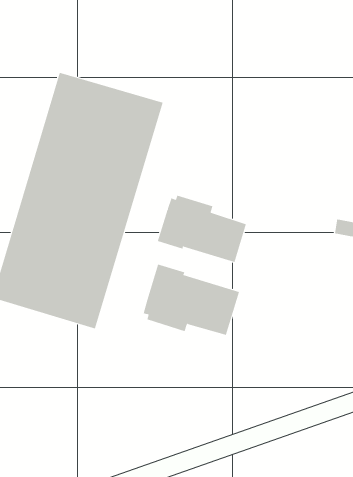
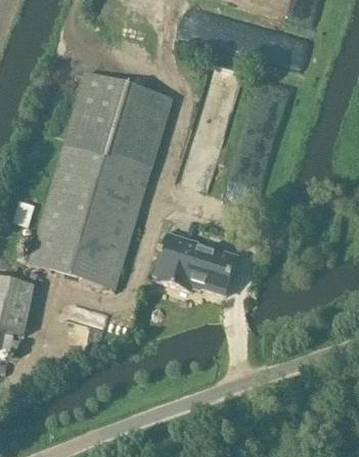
building: [157,195,247,263] -> none

